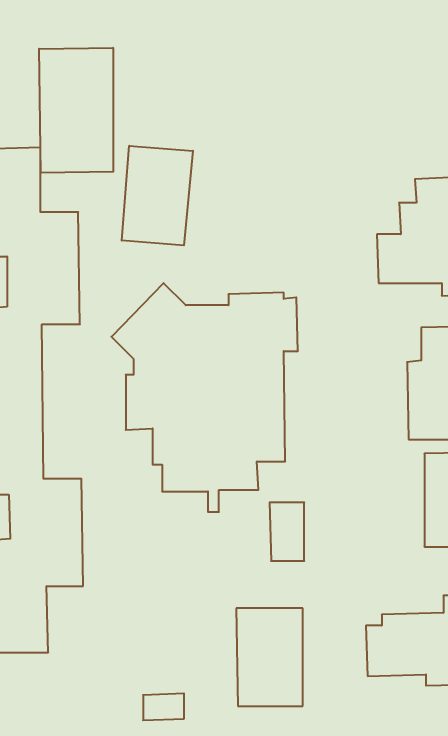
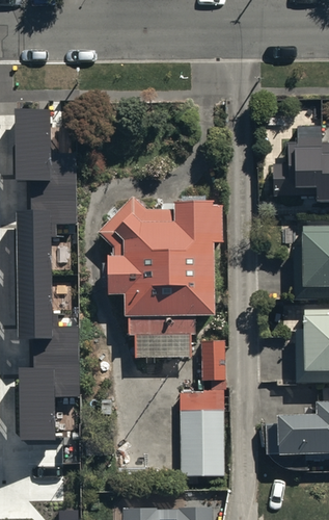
building: [39,48,113,173] -> none
building: [122,146,193,245] -> none

